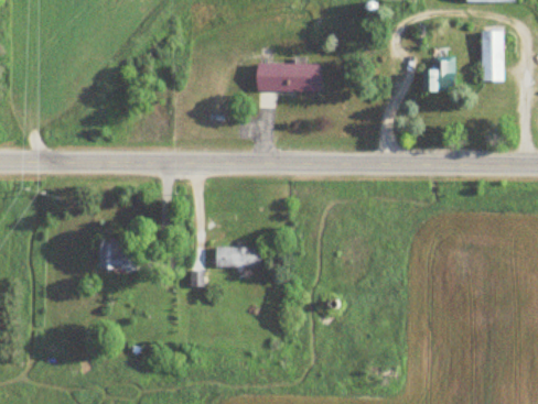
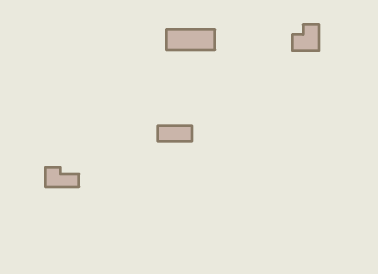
building: [483,30,505,80] -> none
building: [217,247,262,266] -> [158,126,192,141]

